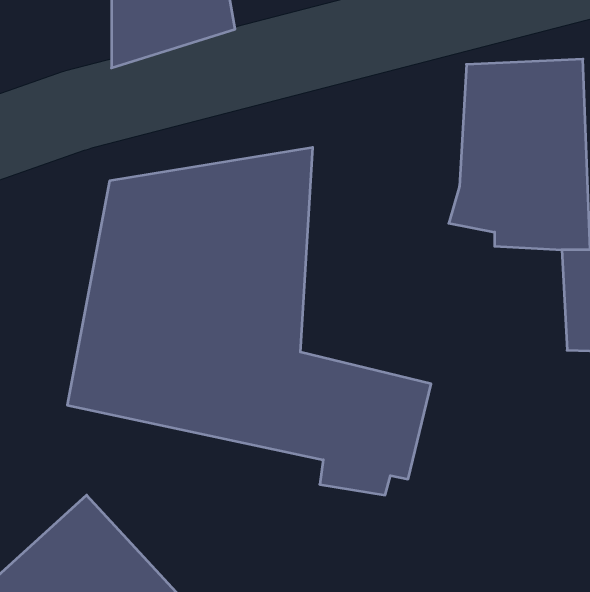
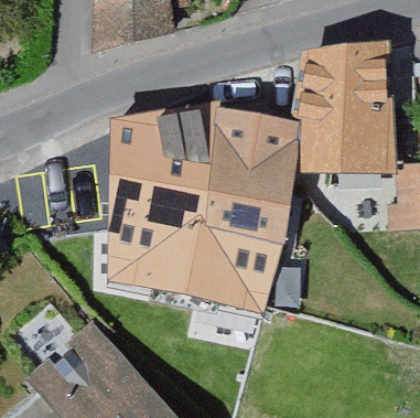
building: none -> [214,105,313,253]

